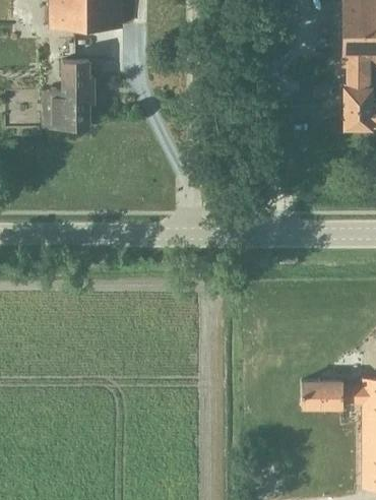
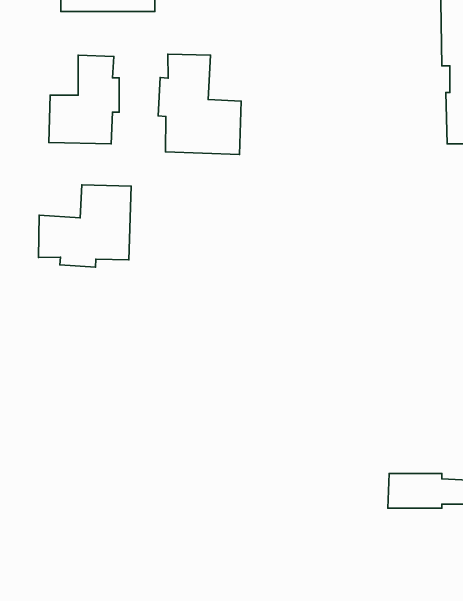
building: none -> [158,54,241,154]
building: none -> [38,185,131,267]

